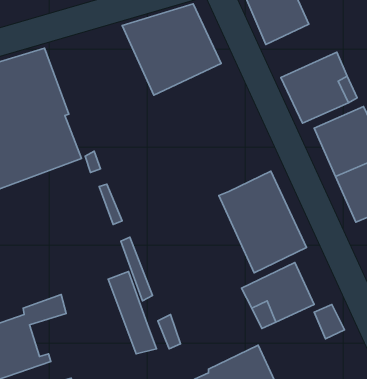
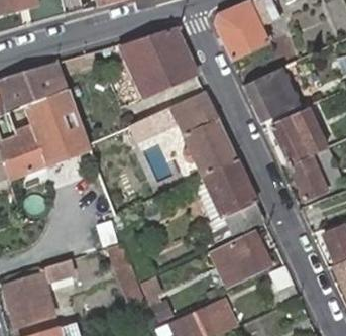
building: none -> [144,92,237,175]

